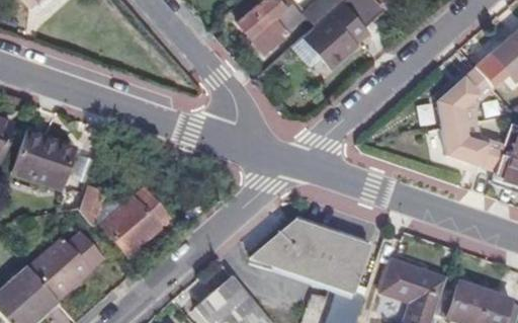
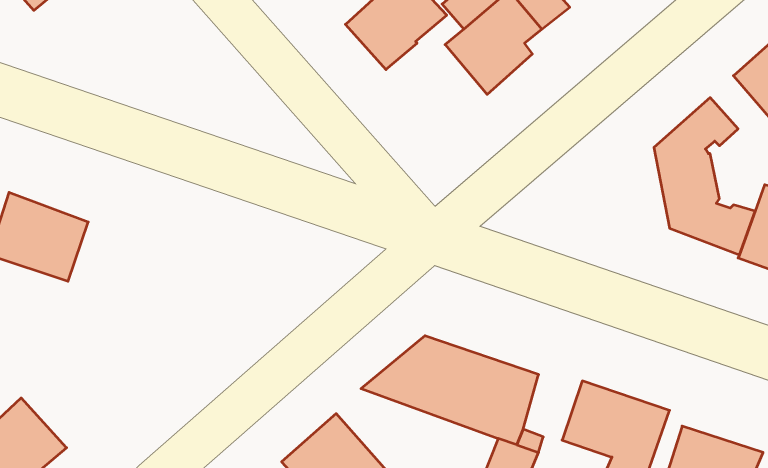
building: [78,187,172,257] -> none
building: [28,230,105,299] -> none

